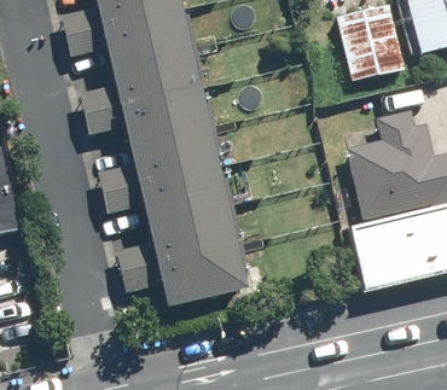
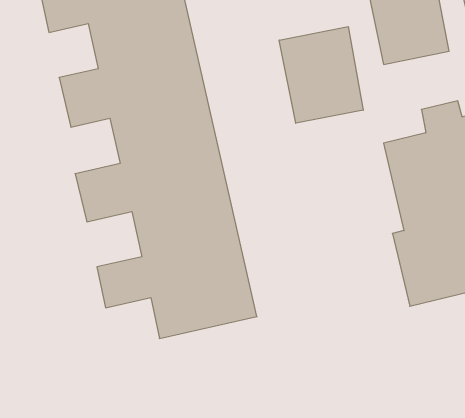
building: none -> [279,27,363,123]

